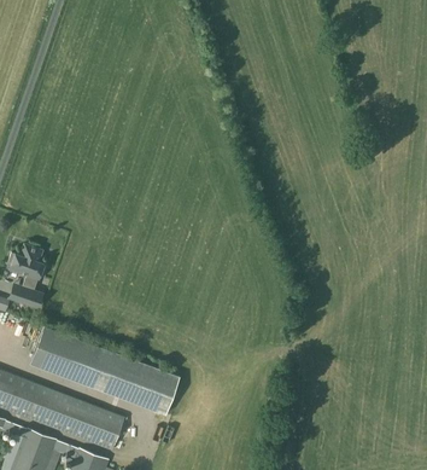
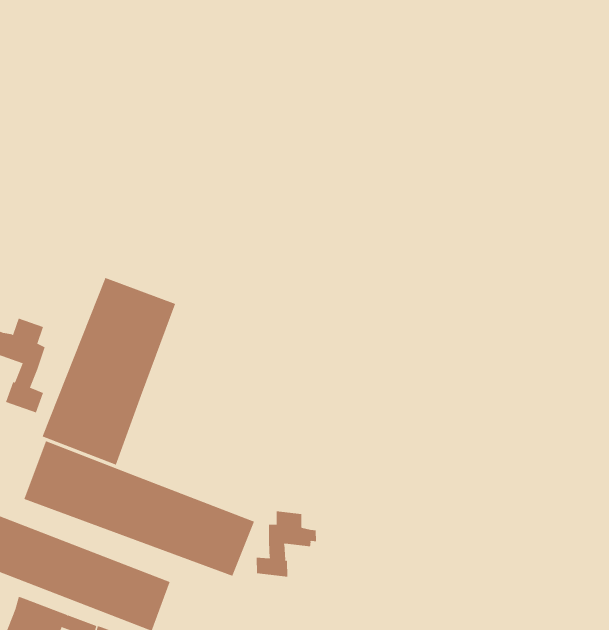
building: none -> [42,277,176,466]
building: none -> [256,511,317,577]

